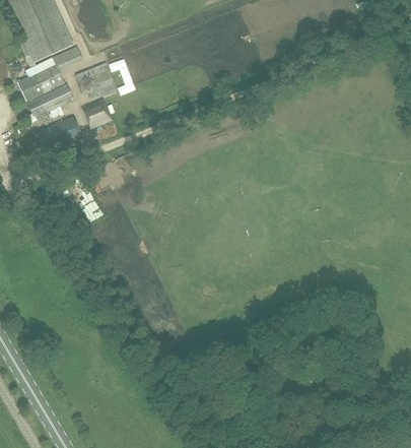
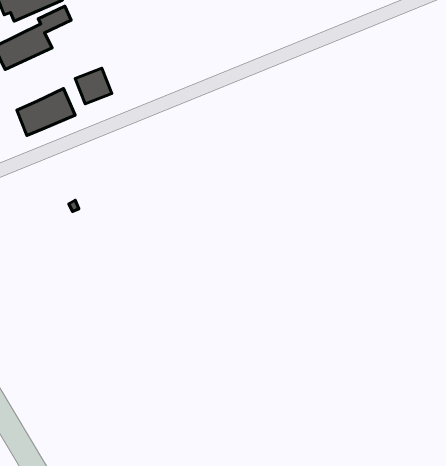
building: [80,63,106,90] -> none
building: [28,82,74,116] -> none

